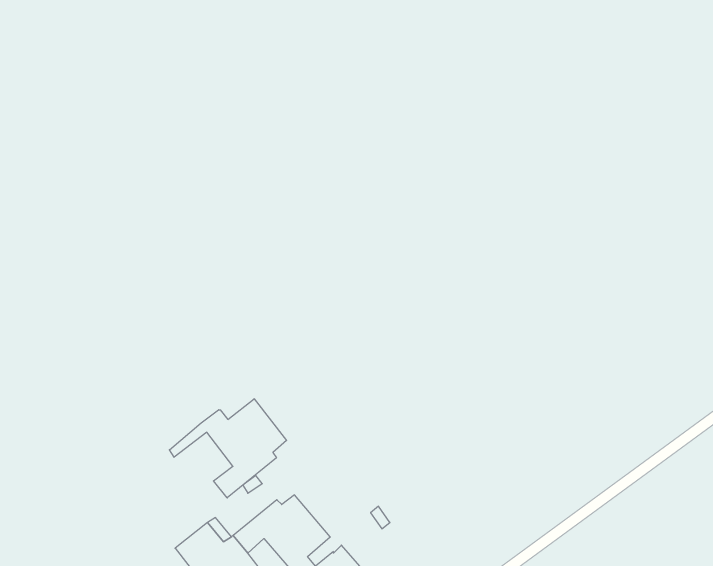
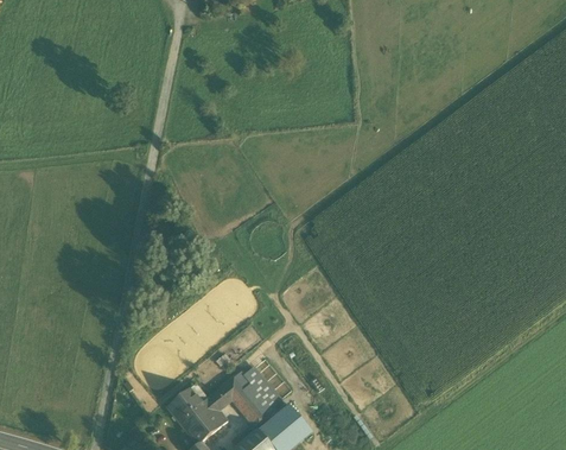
building: [169,399,287,498] -> none

